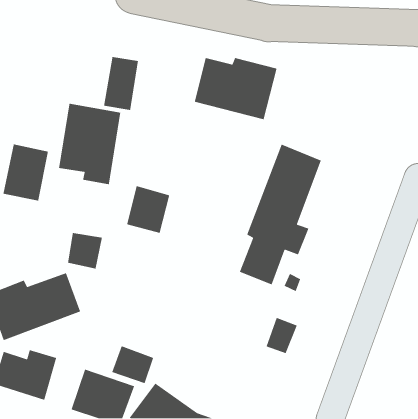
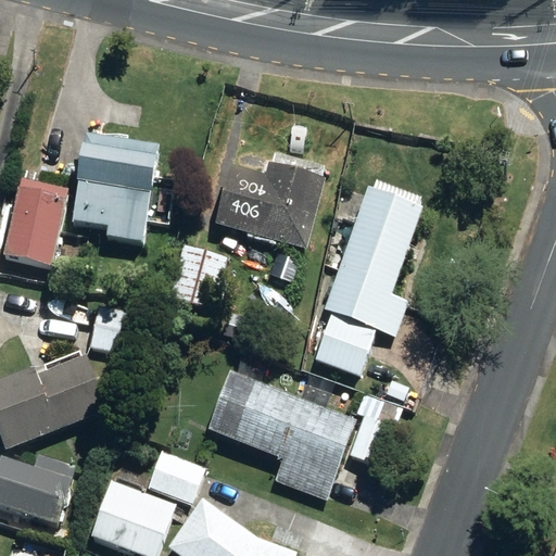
building: [103,56,139,111] -> none
building: [194,57,277,120] -> [215,165,325,248]
building: none -> [210,372,355,496]

